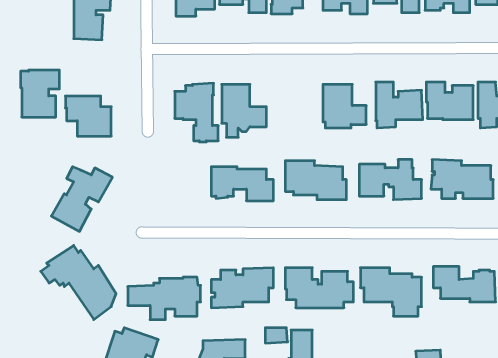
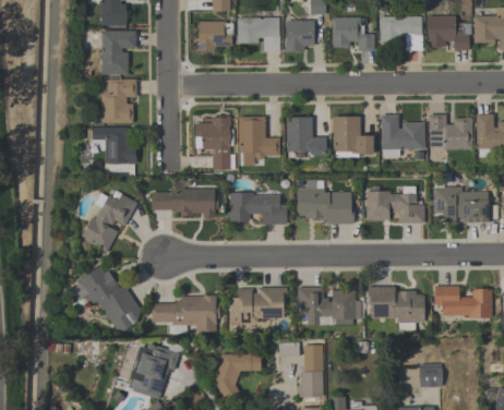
building: [21,70,59,117] -> [100,80,136,123]
building: none -> [286,117,327,156]
building: none -> [152,189,218,217]

